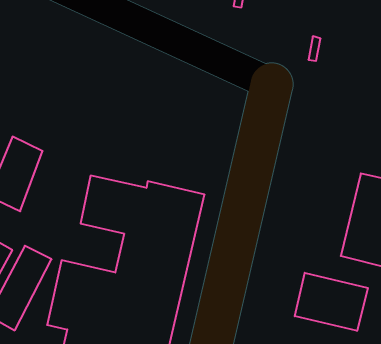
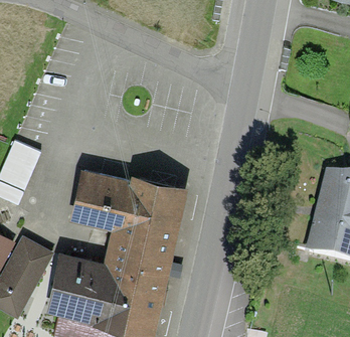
building: [295,273,368,331] -> none

